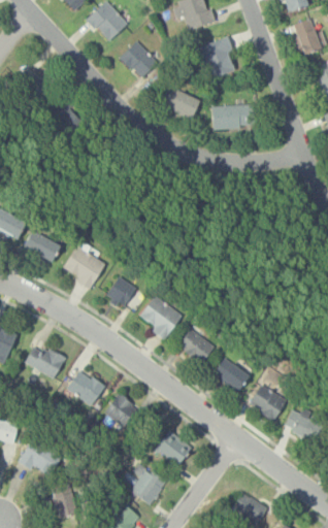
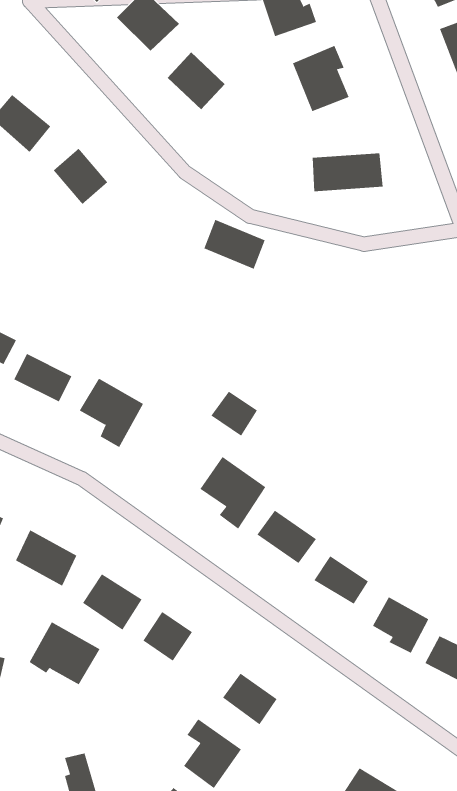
building: [160,86,199,118] -> [204,219,265,270]
building: [106,276,136,305] -> [211,391,258,437]
building: [19,436,64,476] -> [29,621,100,685]

